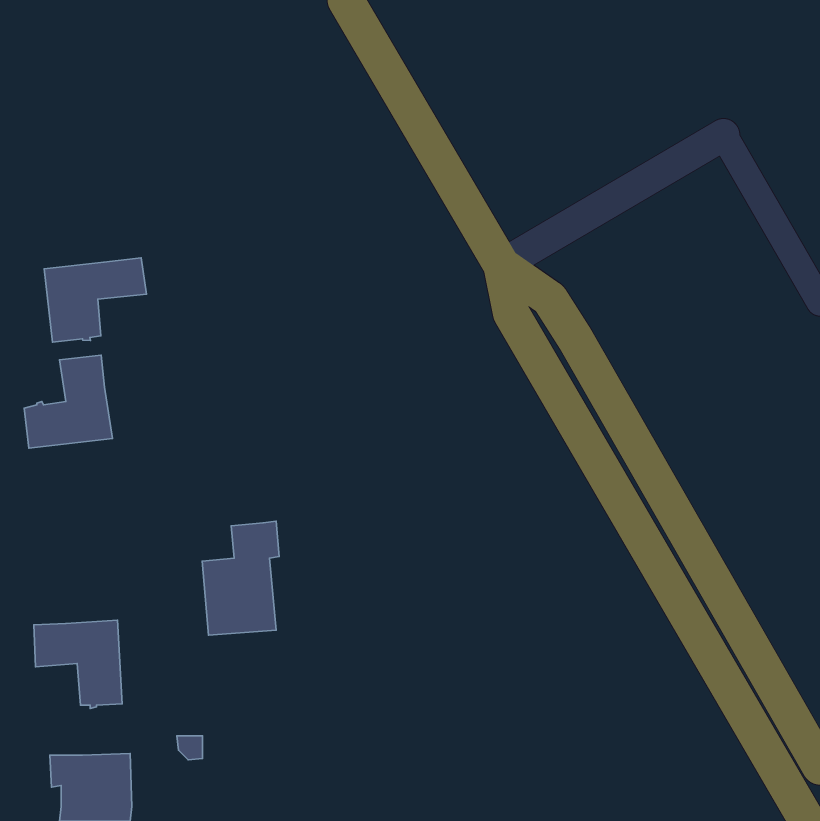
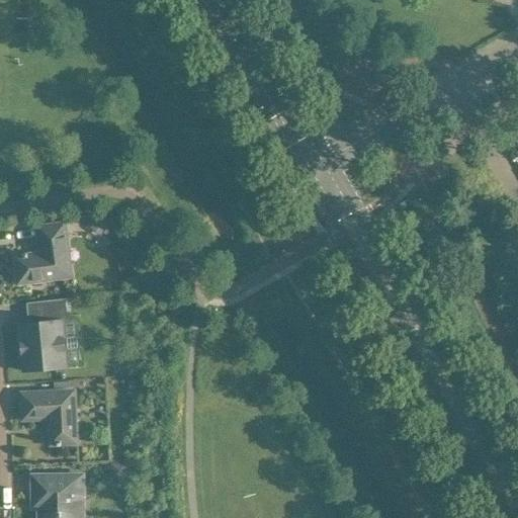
building: [44,258,146,342] -> none
building: [202,521,279,635] -> [19,298,68,370]

